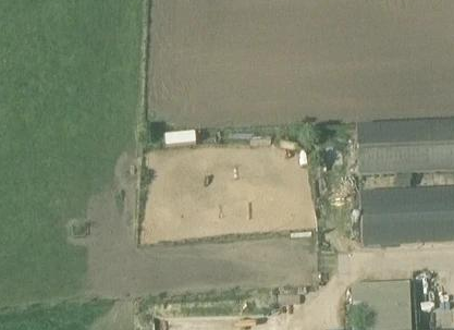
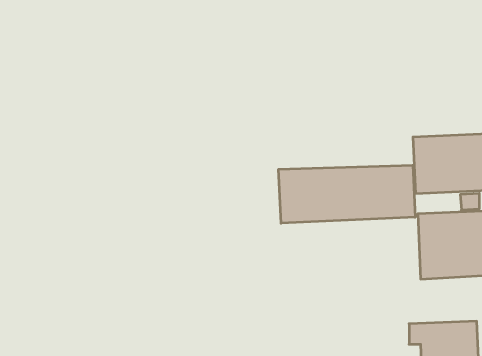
building: none -> [279,165,415,223]

